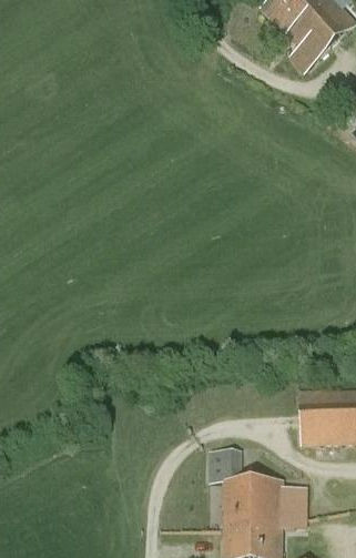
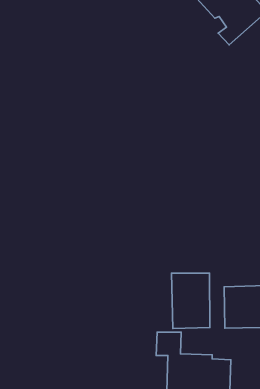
building: none -> [171,273,210,328]

